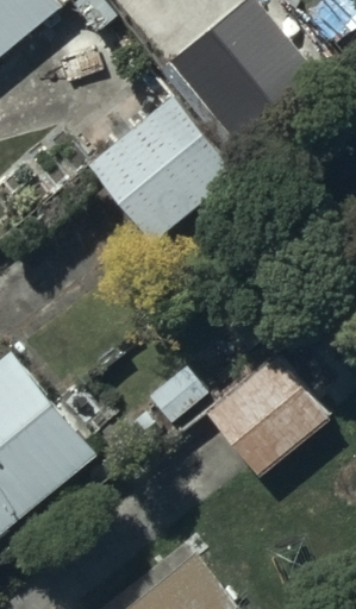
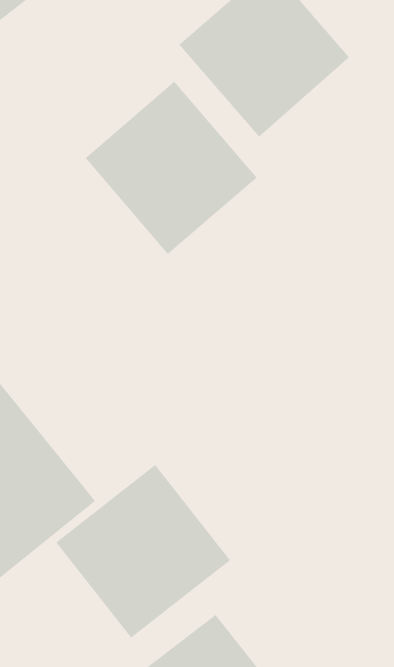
building: [204,353,331,478] -> none
building: none -> [56,464,231,639]

